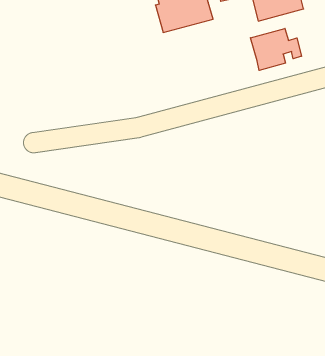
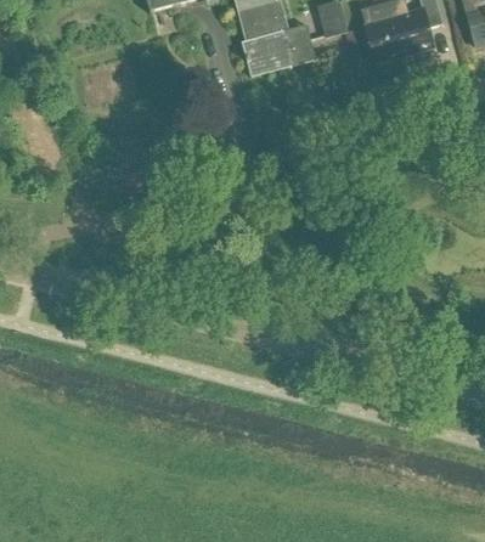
building: [250,28,302,70] -> none

